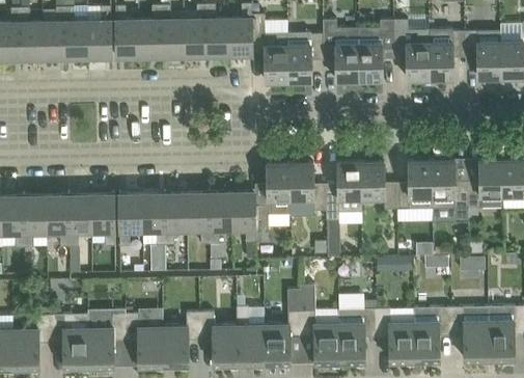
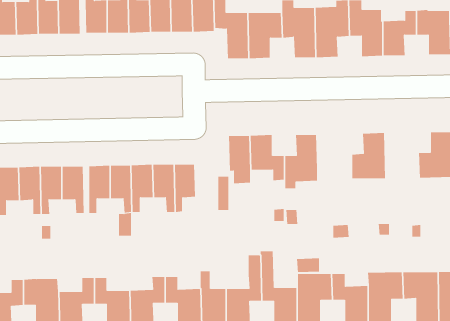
building: [432,160,468,209] -> none
building: [360,161,396,209] -> none
building: [231,192,256,260] -> none

